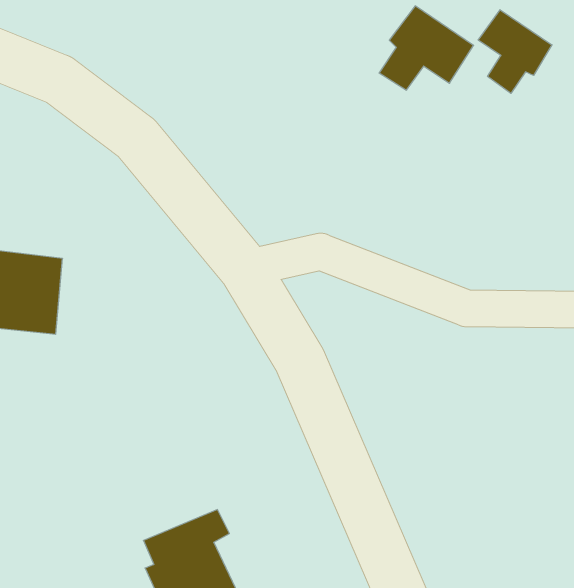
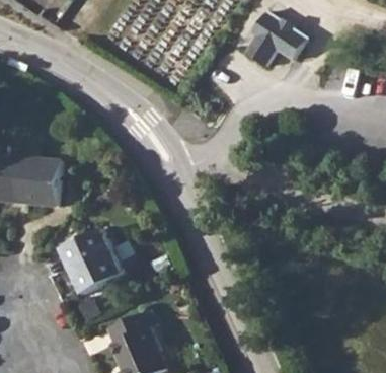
building: [478,10,552,93] -> none
building: none -> [64,228,122,292]

